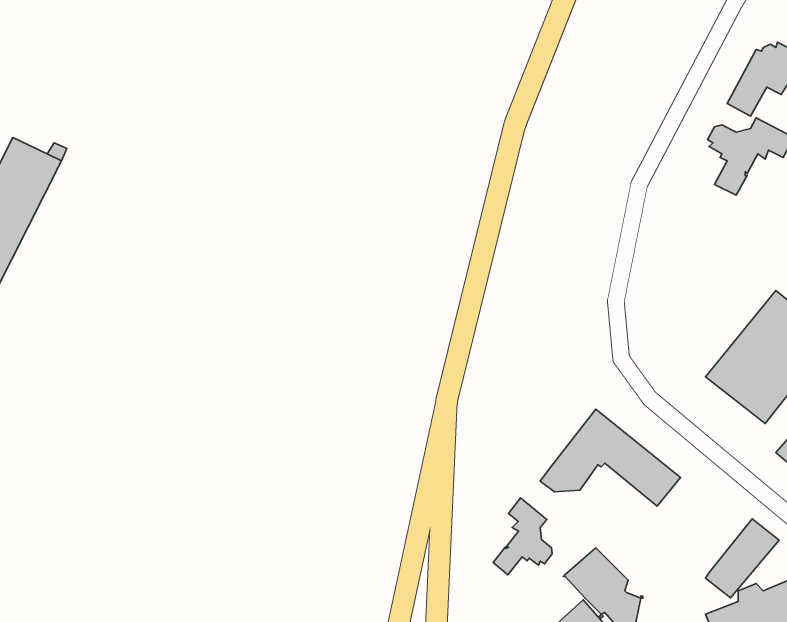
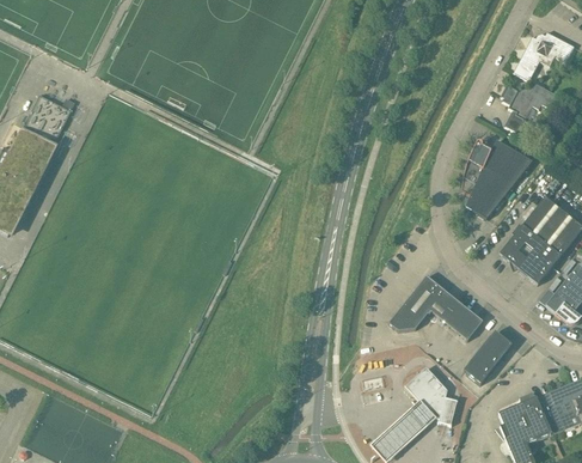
building: none -> [462,139,533,218]
building: [493,498,552,575] -> none
building: [705,519,779,598] -> [464,329,513,382]

